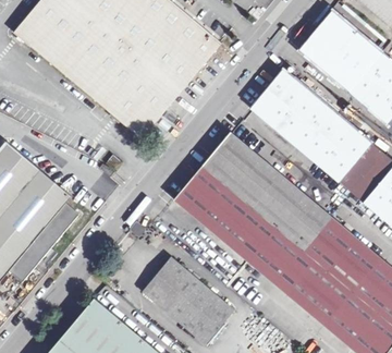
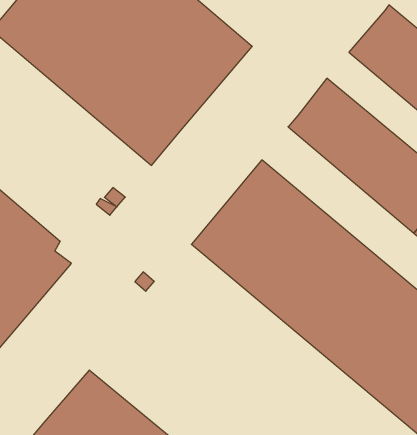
building: [143,257,234,344] -> none

